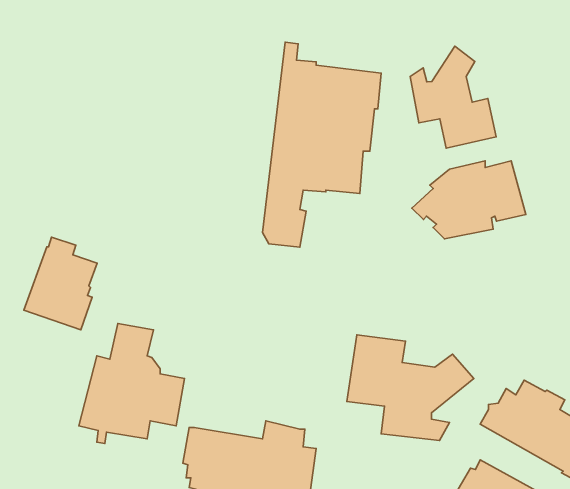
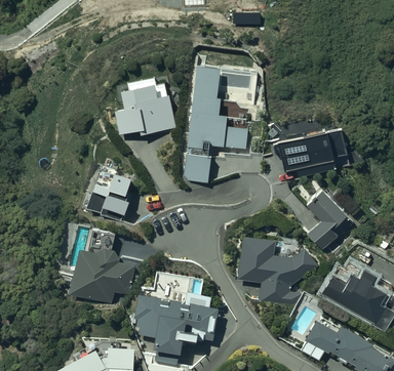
building: [410,46,496,148] -> none
building: none -> [114,77,176,136]
building: [24,237,97,330] -> [85,164,131,222]
building: none -> [306,189,352,248]

